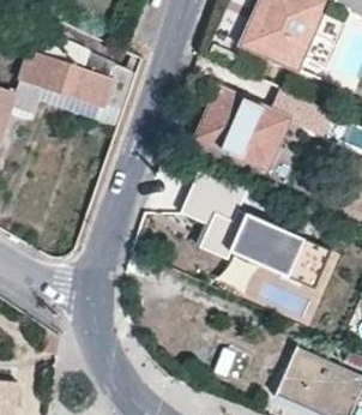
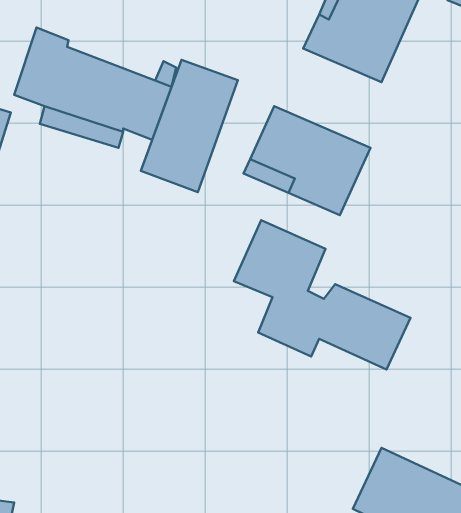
building: none -> [141,60,238,192]

